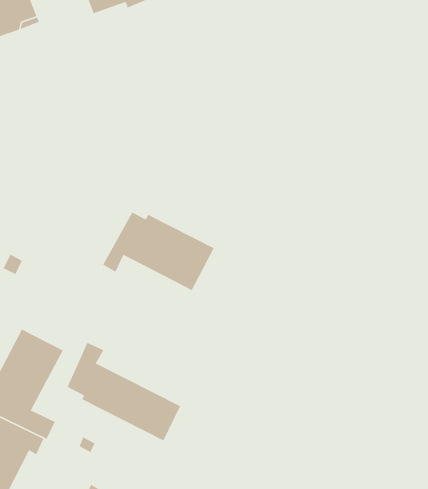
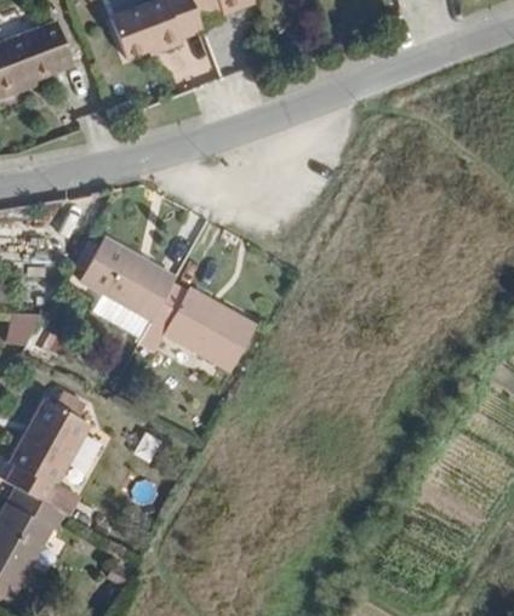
building: none -> [63,226,165,309]
building: [67,342,181,442] -> none

